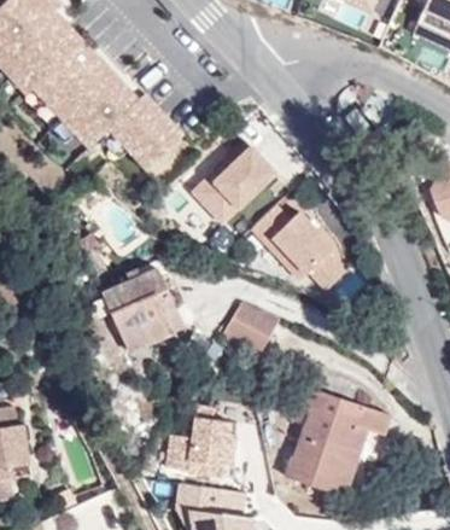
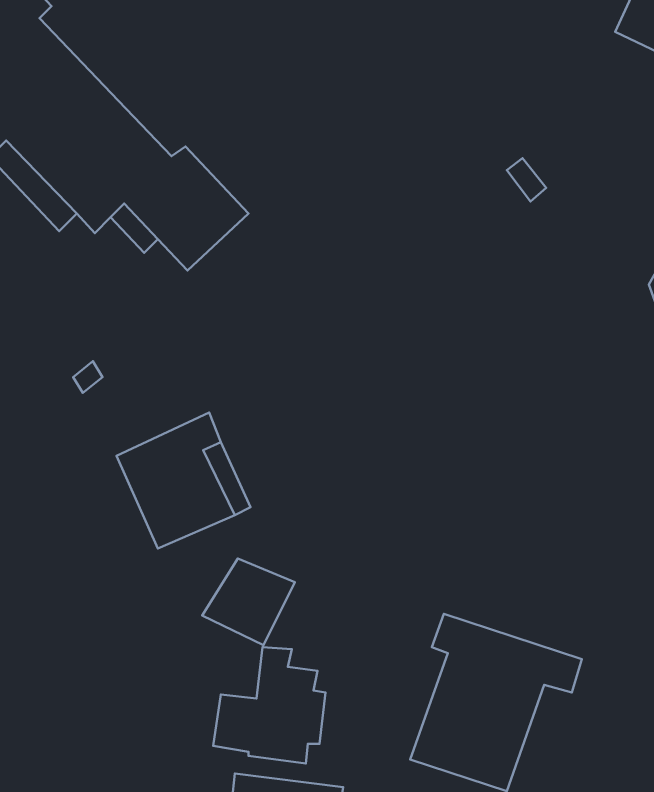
building: [193,150,276,232] -> none
building: [250,208,343,291] -> none
building: [218,305,275,359] -> [202,558,295,645]

